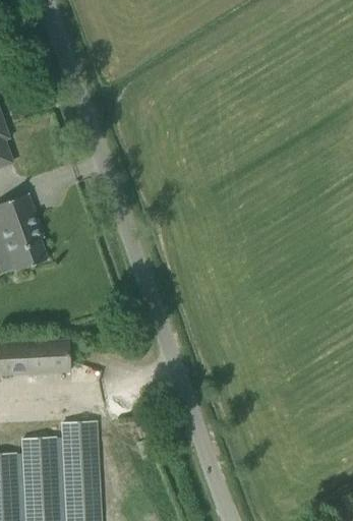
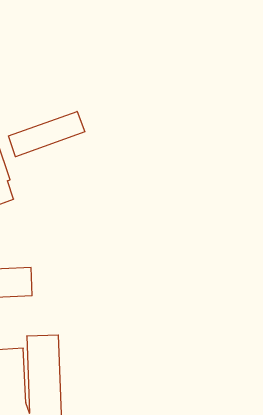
building: none -> [9,111,85,157]

